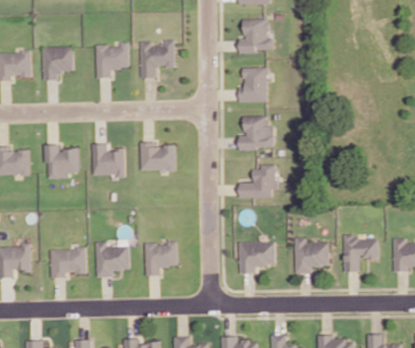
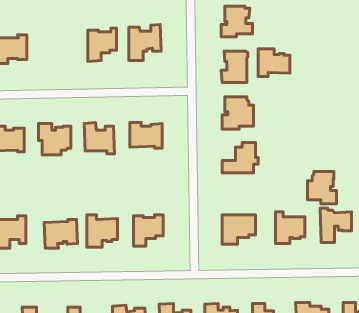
building: [44,47,74,79] -> none
building: none -> [258,49,290,76]
building: none -> [308,171,337,204]

